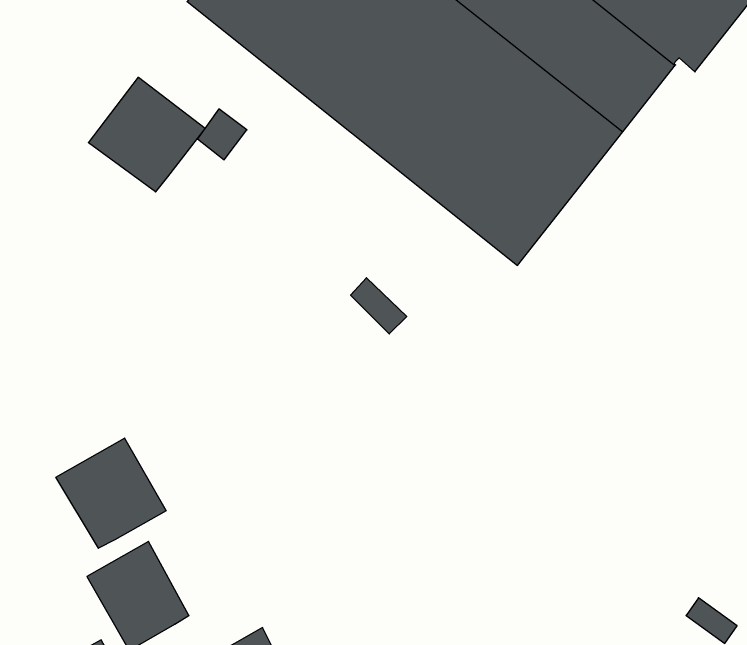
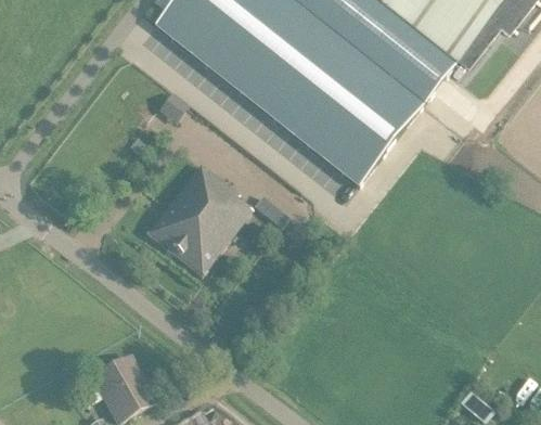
building: [88,77,205,192] -> none
building: none -> [146,166,252,275]
building: [56,438,166,548] -> none

